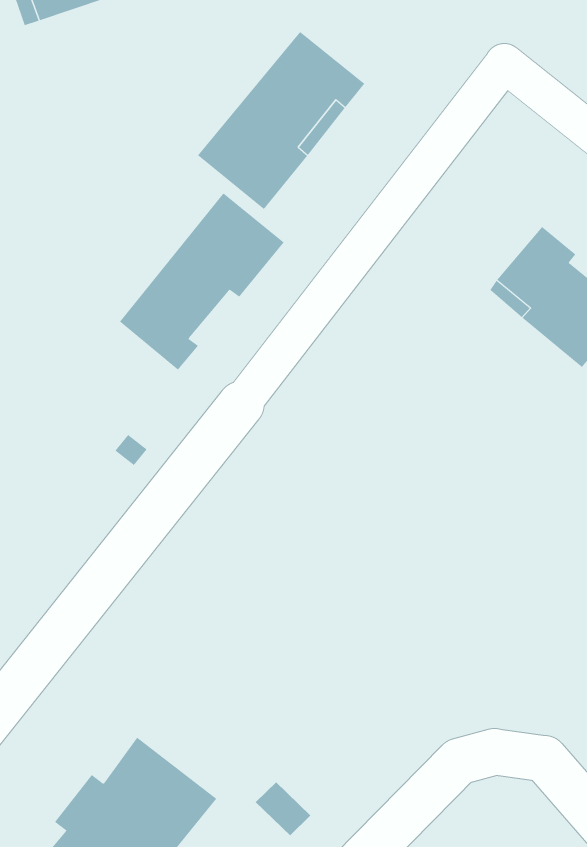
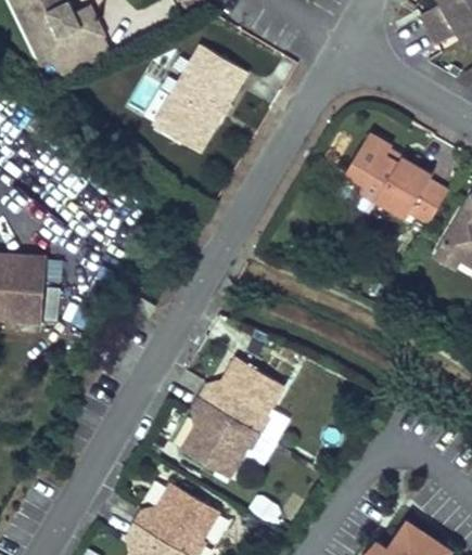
building: [119,192,285,370] -> none
building: none -> [183,352,285,476]

